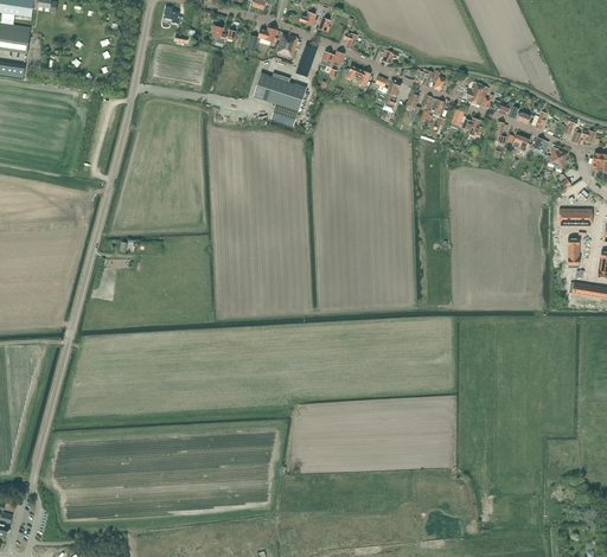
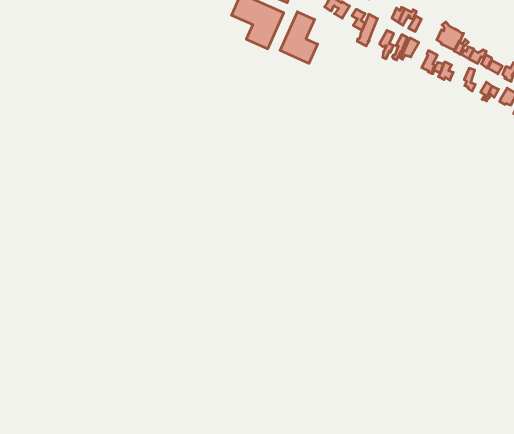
building: none -> [280,12,318,63]

